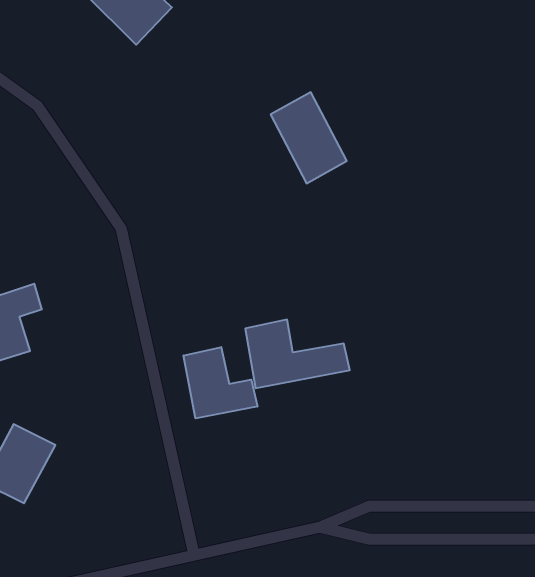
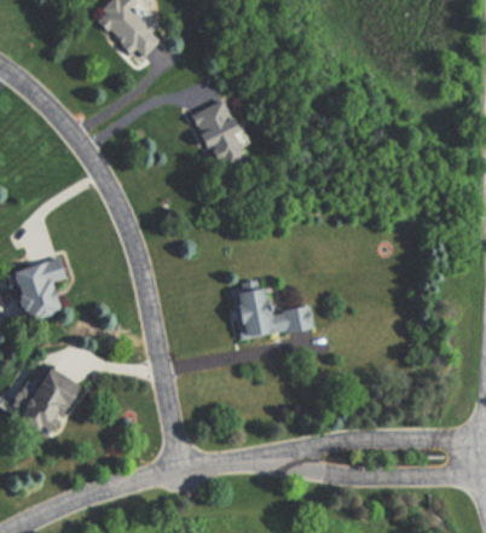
building: [271,92,347,183] -> [189,97,250,170]
building: [184,347,257,418] -> none

